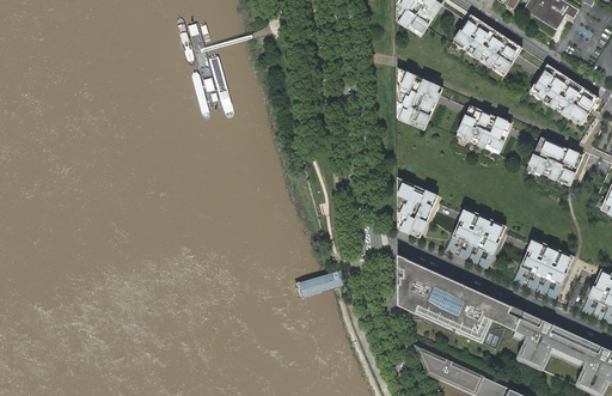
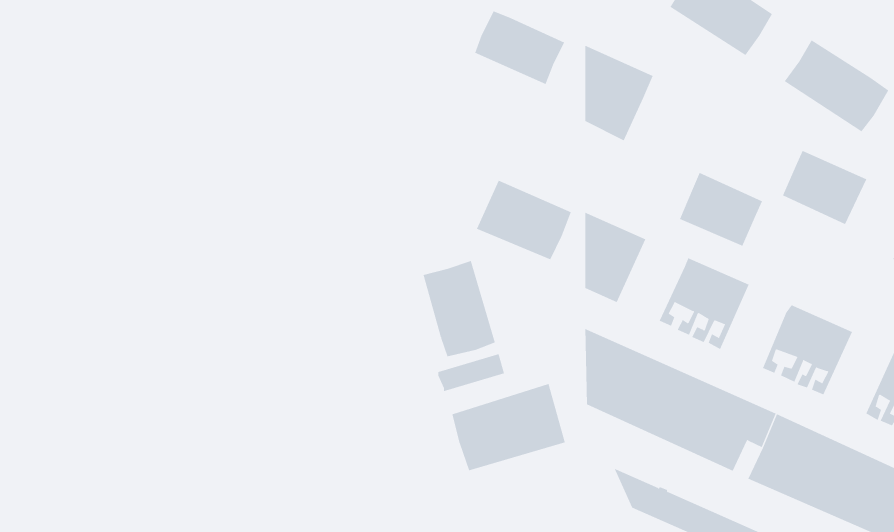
building: none -> [475,10,565,85]
building: [457,104,512,153] -> [679,172,763,246]
building: none -> [476,180,572,260]
building: none -> [423,260,495,357]
building: none -> [452,383,566,471]

